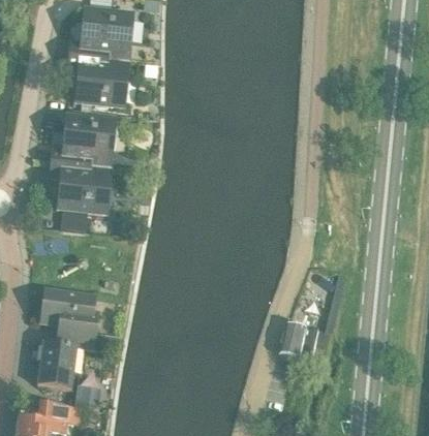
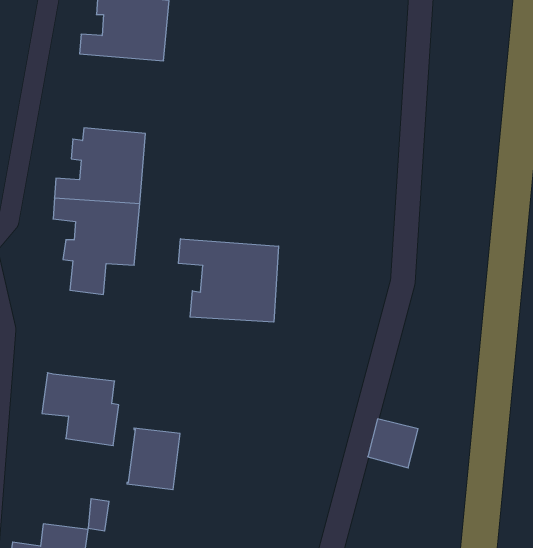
building: [66,54,129,104] -> none
building: none -> [178,239,279,322]
building: [36,341,75,386] -> [127,428,180,490]

